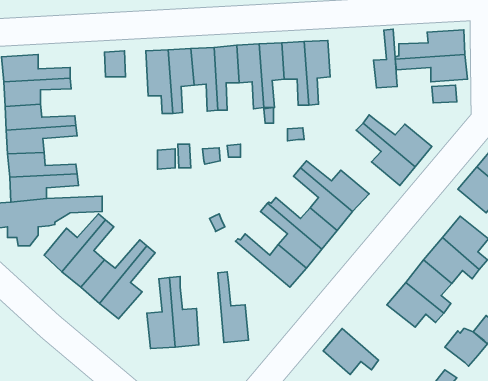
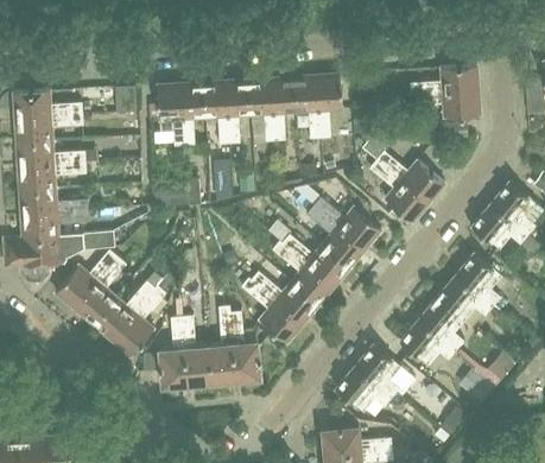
building: [374,29,397,88] -> none
building: none -> [241,278,302,343]
building: none -> [208,304,235,382]
building: none -> [354,344,400,398]

